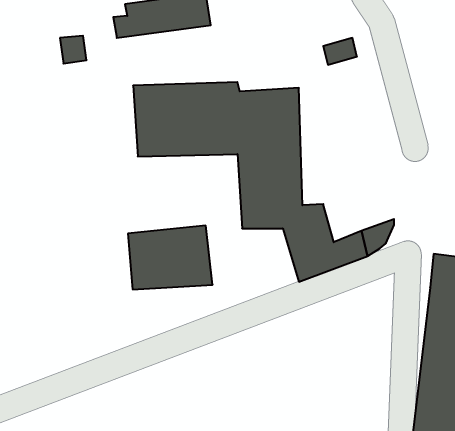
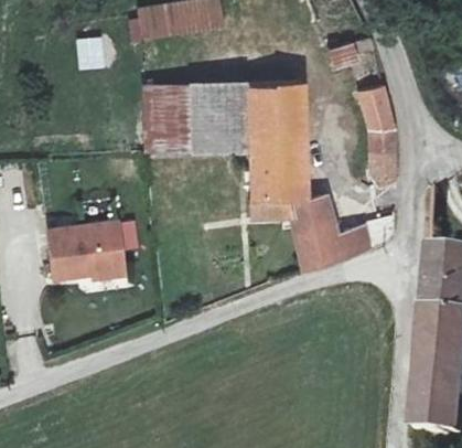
building: none -> [361,88,394,183]
building: [128,226,213,289] -> [52,216,132,277]

